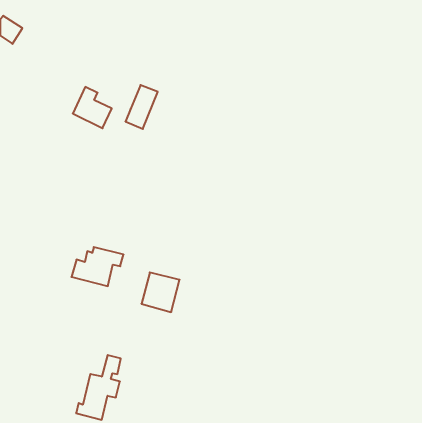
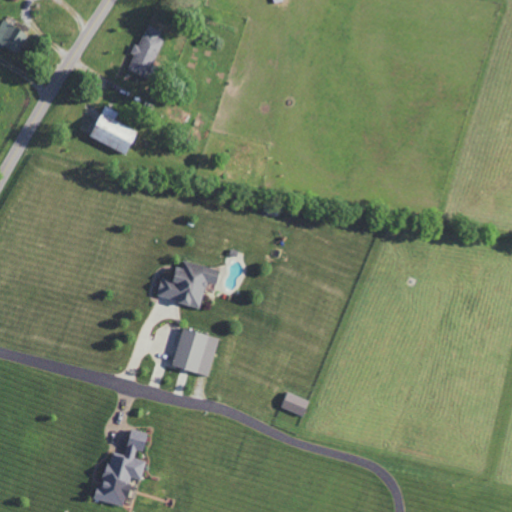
building: [125,85,158,129] -> [127,26,166,79]
building: [71,247,124,286] -> [156,261,219,308]
building: none -> [282,392,309,416]

